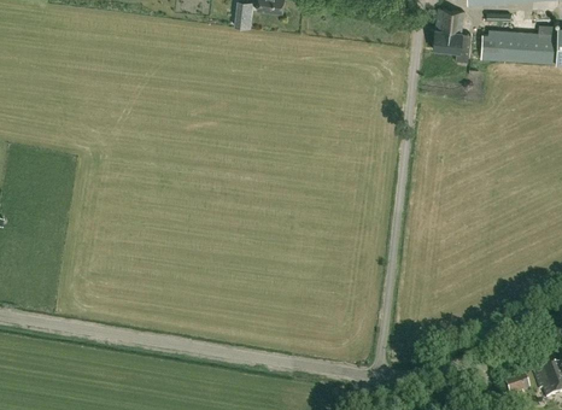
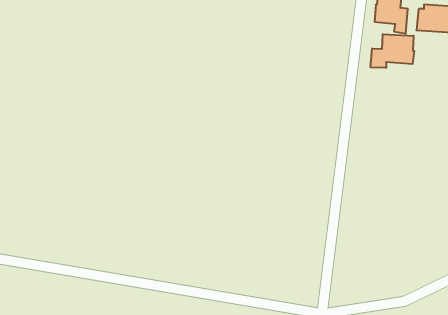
building: none -> [371,34,414,68]

